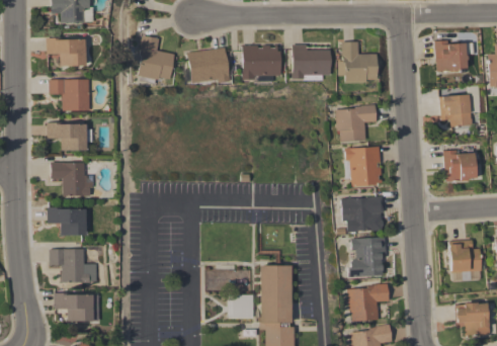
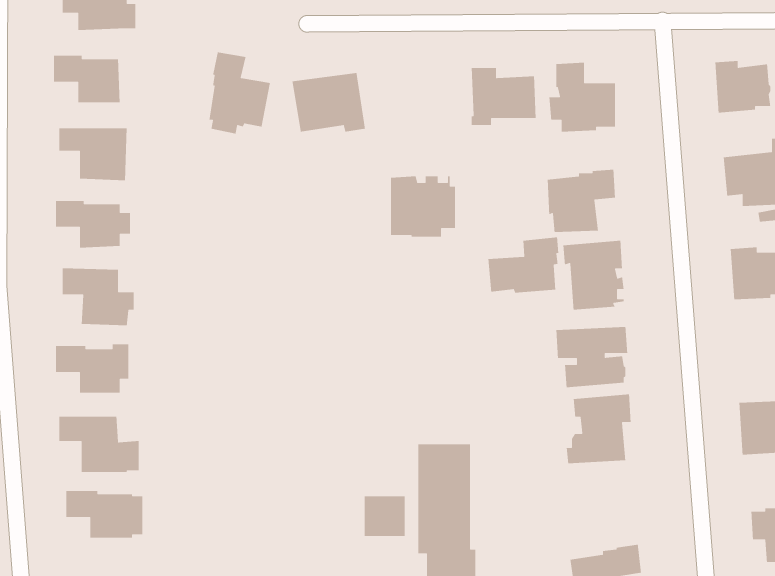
building: [242,45,280,81] -> [390,175,456,238]
building: none -> [488,236,559,294]
building: [347,283,389,321] -> none

